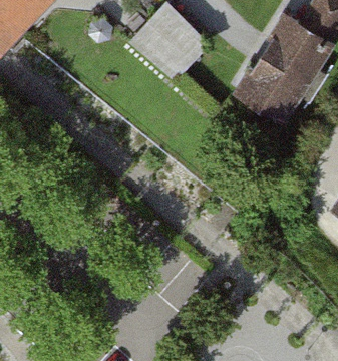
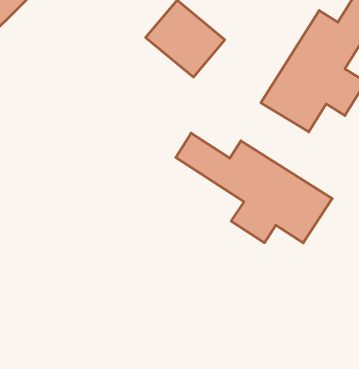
building: none -> [176,133,332,243]

